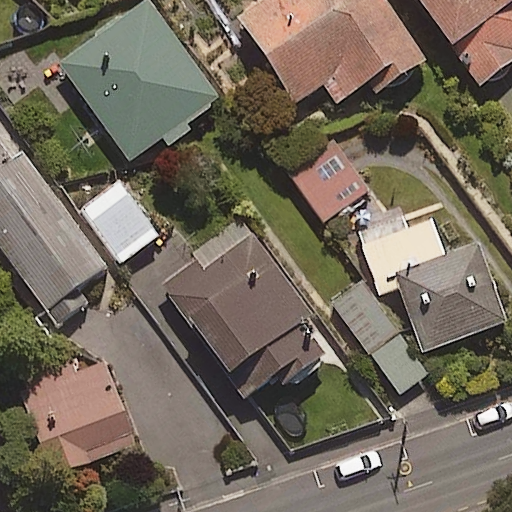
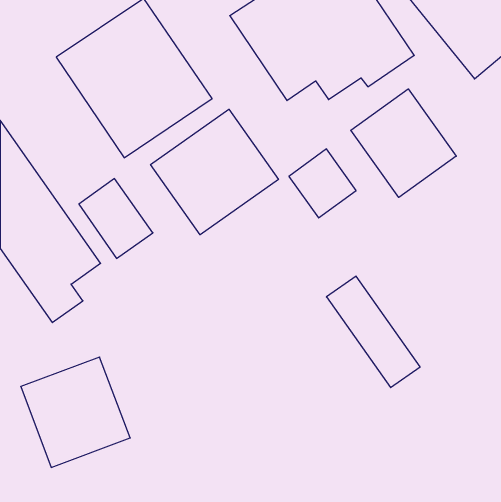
building: none -> [351,89,456,197]
building: none -> [151,109,278,235]
building: [163,220,326,394] -> none
building: [362,220,506,351] -> none

